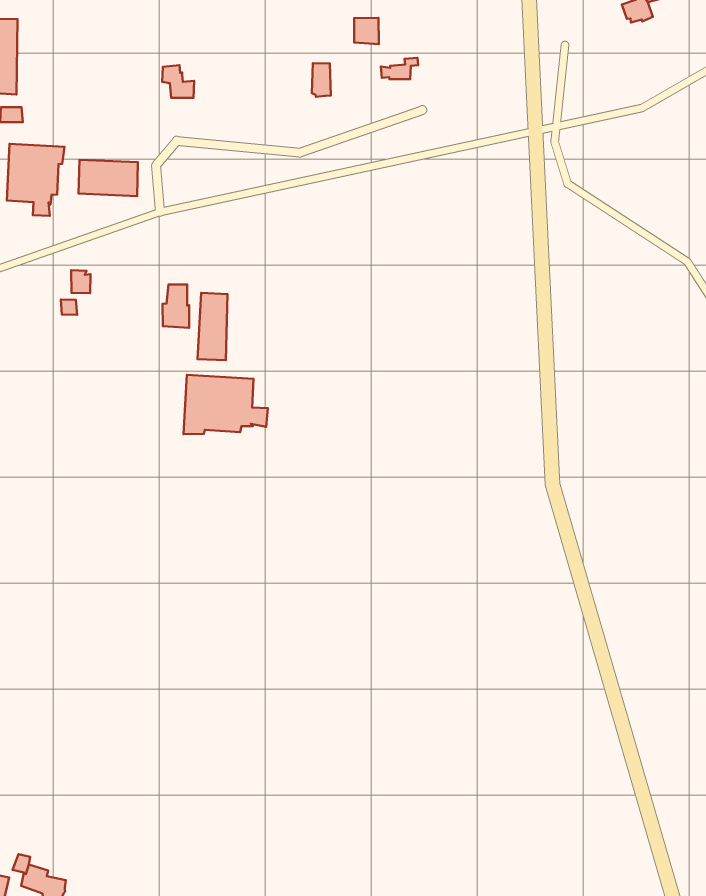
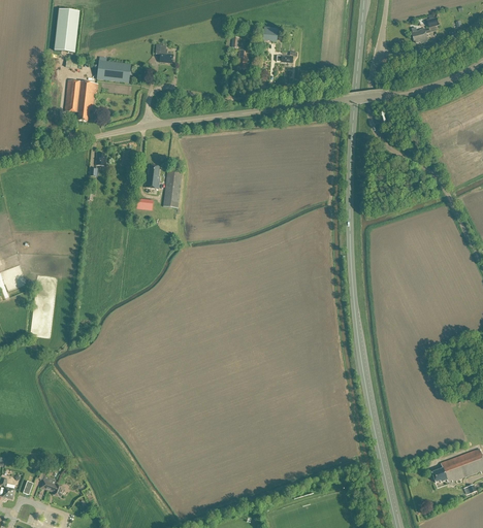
building: [79,160,138,196] -> [97,61,131,84]
building: [184,375,268,434] -> none

